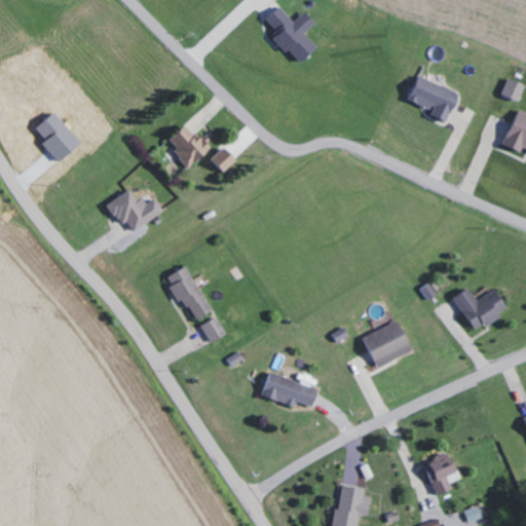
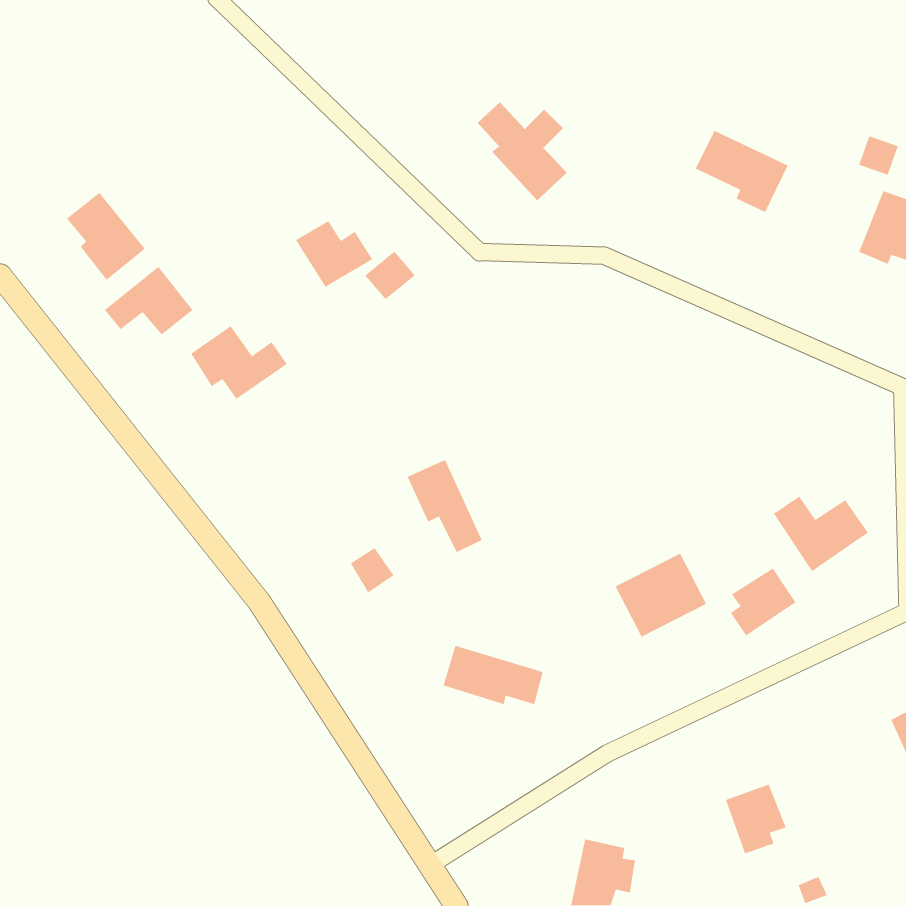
building: [269,6,322,64] -> [477,102,567,201]
building: none -> [104,266,193,336]
building: [168,265,213,320] -> [406,459,483,553]
building: none -> [730,568,796,637]

